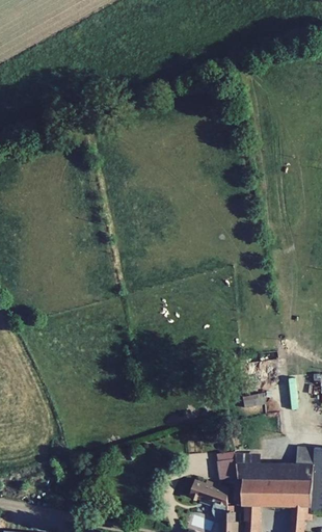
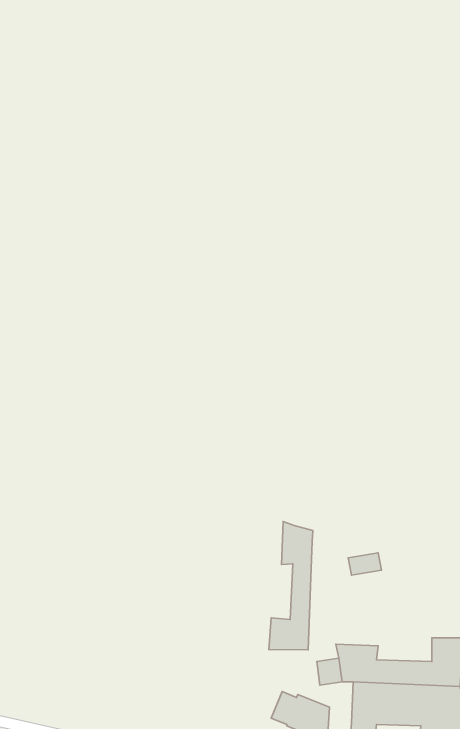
building: none -> [269,521,313,650]

